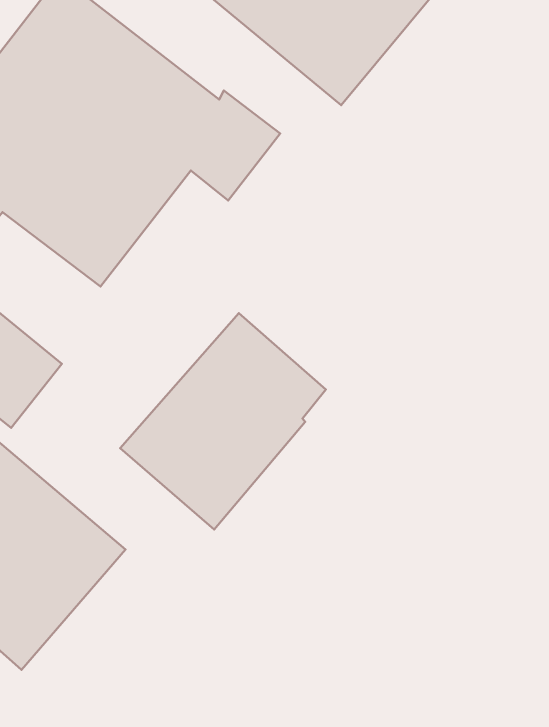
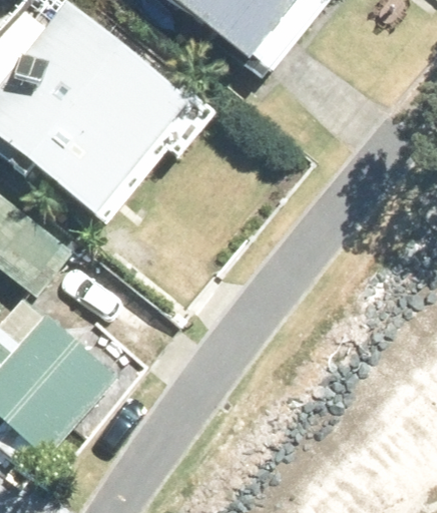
building: [120,313,326,529] -> none

